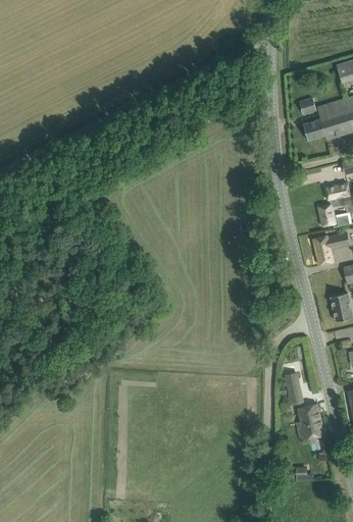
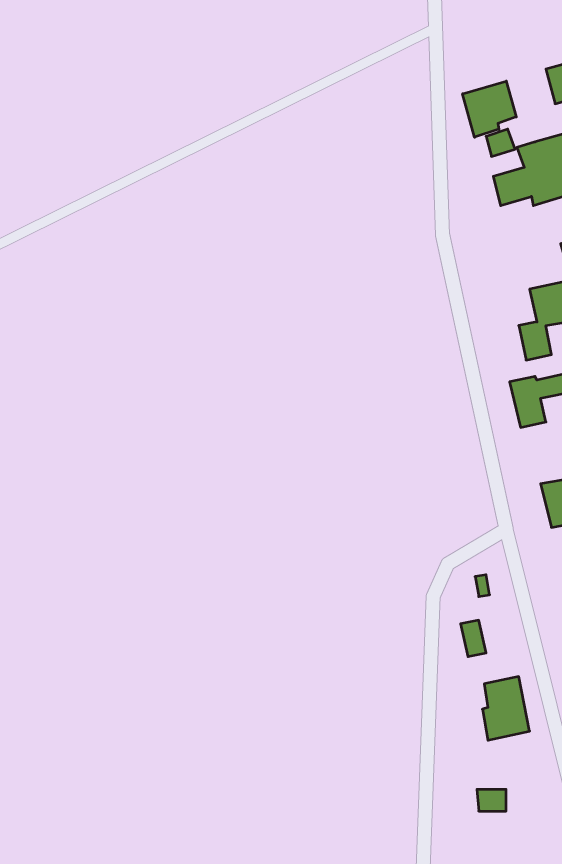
building: none -> [463,81,516,137]

